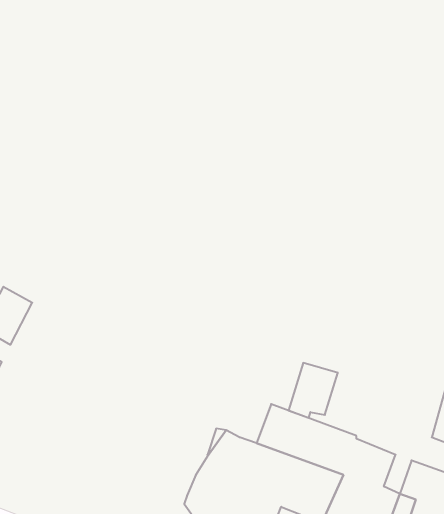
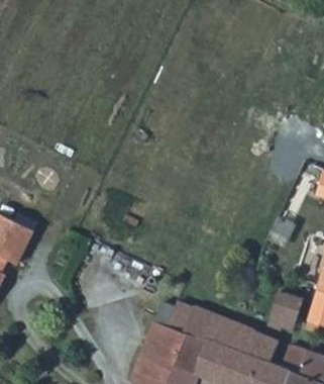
building: [289,363,338,418] -> [267,291,302,329]

